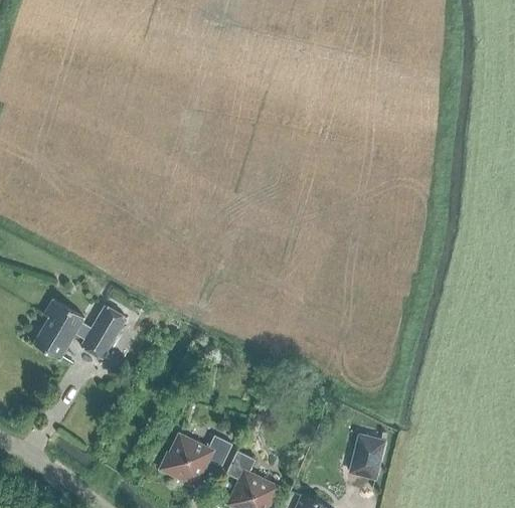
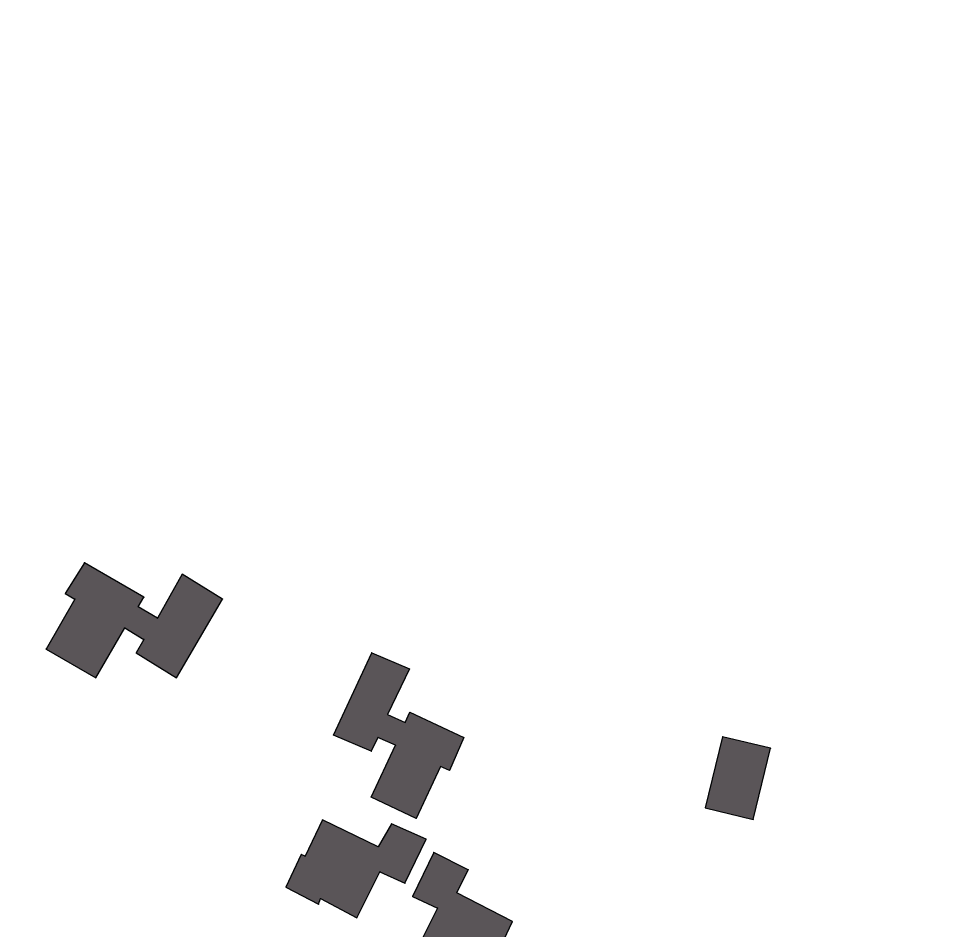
building: none -> [334,653,464,818]
building: [350,435,384,478] -> [705,737,771,819]

